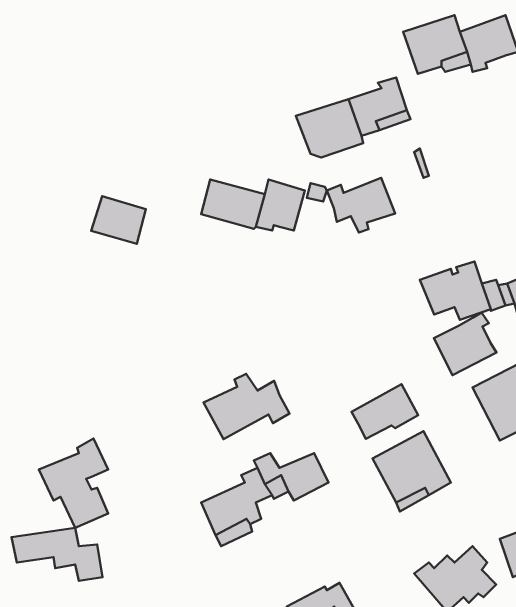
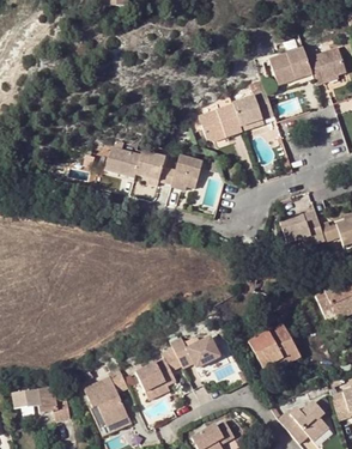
building: [327,178,395,233] -> none
building: [91,196,146,244] -> [105,148,141,180]
building: [434,313,496,375] -> none
building: [203,374,290,439] -> none
building: [352,384,418,439] -> none
building: [39,439,108,528] -> [83,366,128,425]

